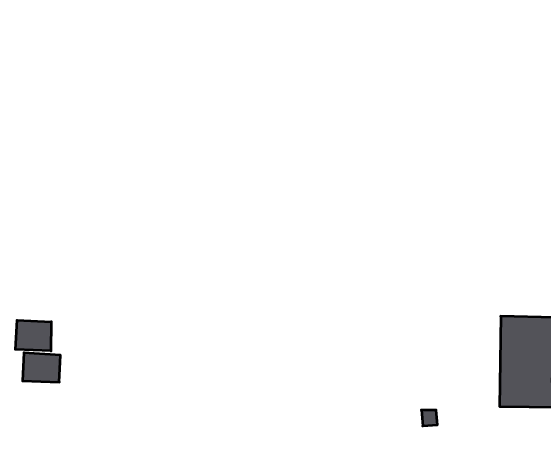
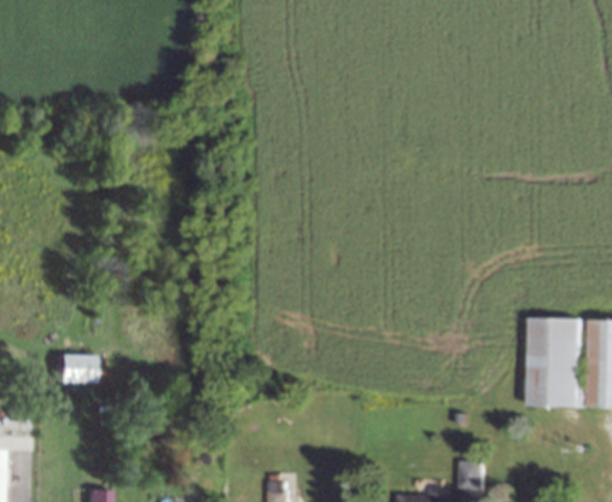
building: [15,320,51,351] -> none

